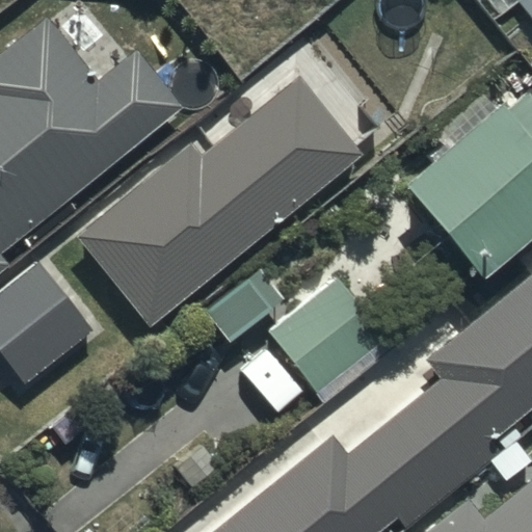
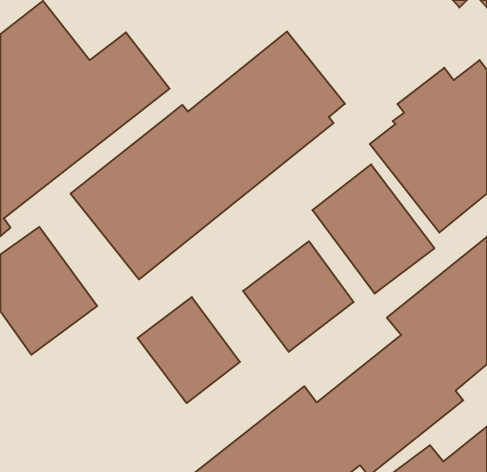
building: none -> [312,164,434,294]
building: none -> [138,297,240,403]

